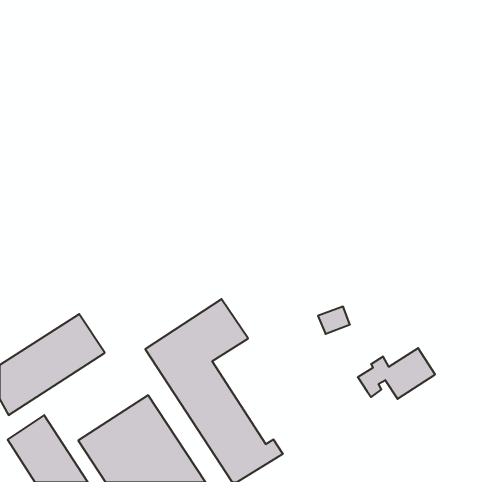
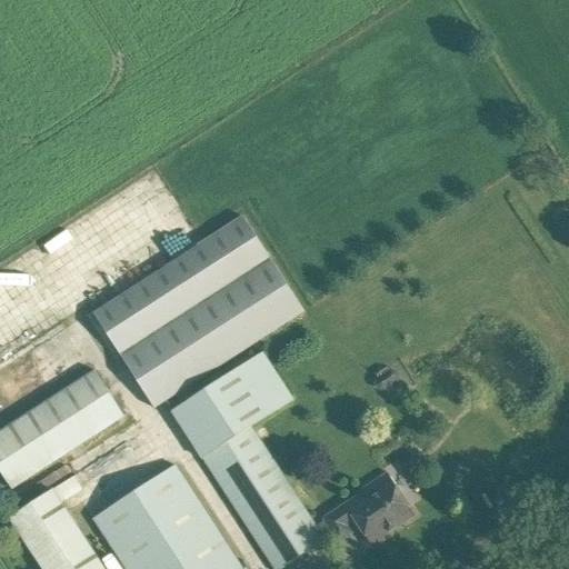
building: none -> [92,216,303,408]
building: [358,348,435,399] -> [322,483,413,543]

